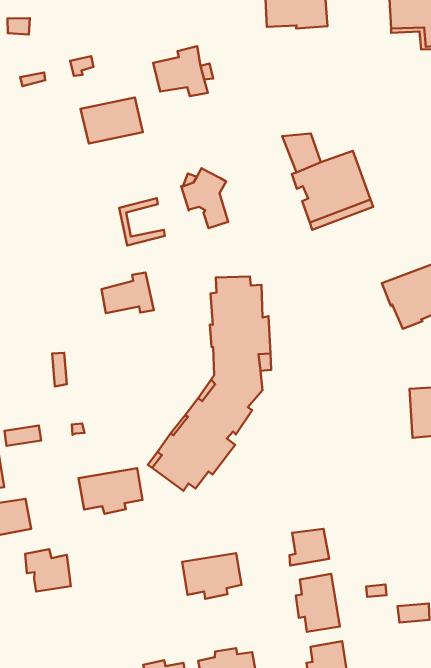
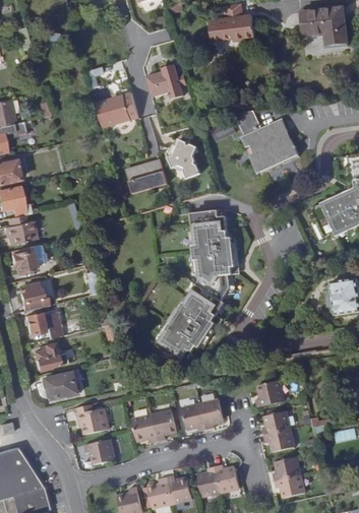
building: [102,273,154,313] -> [130,158,167,188]
building: [79,468,143,514] -> [133,411,178,444]
building: none -> [84,440,114,465]

